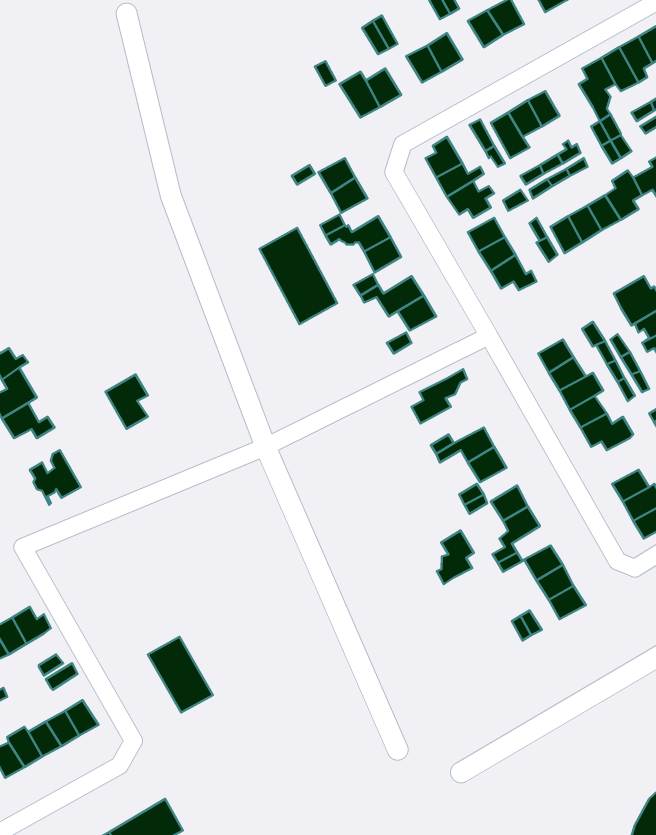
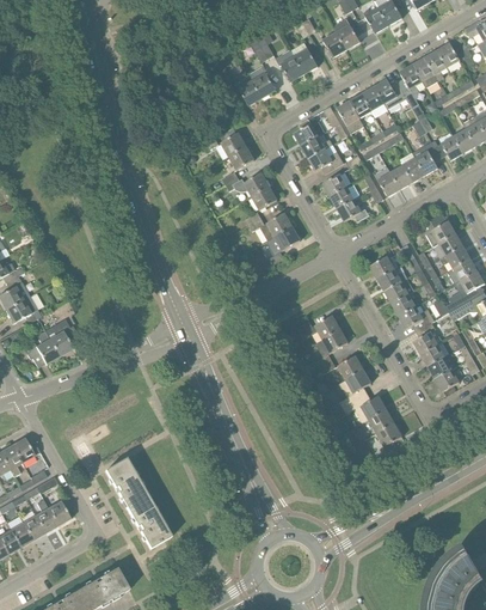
building: none -> [374,78,406,108]
building: [259,228,337,324] -> none
building: [412,369,467,424] -> none
building: [105,374,148,429] -> [44,318,73,355]
building: none -> [412,322,442,353]
building: [437,531,474,584] -> none
building: none -> [127,496,171,548]

